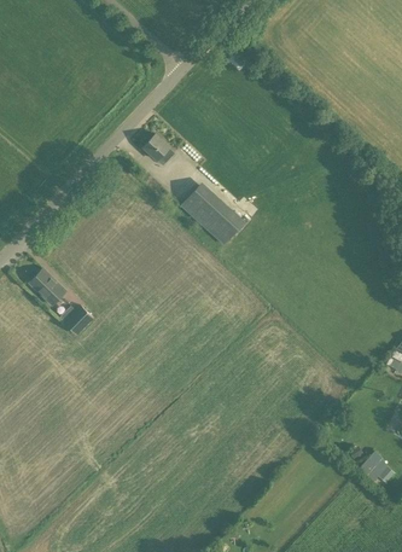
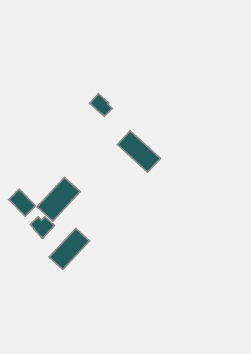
building: none -> [37,177,80,221]
building: none -> [49,228,90,269]

